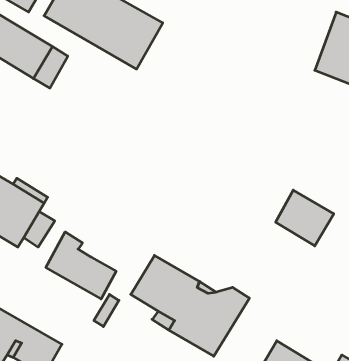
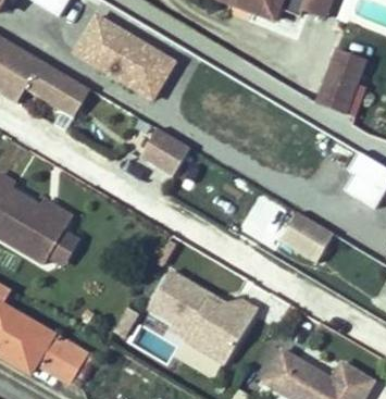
building: none -> [139,127,190,176]
building: [46,232,116,299] -> none

